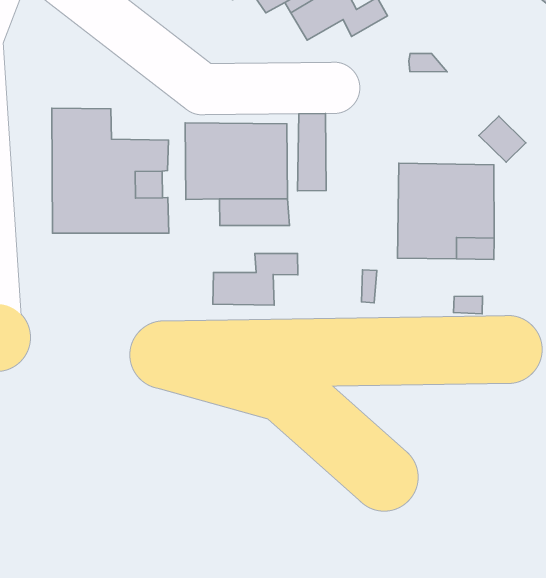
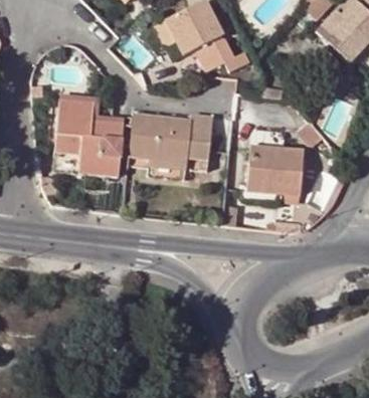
building: [213,253,298,305] -> none

